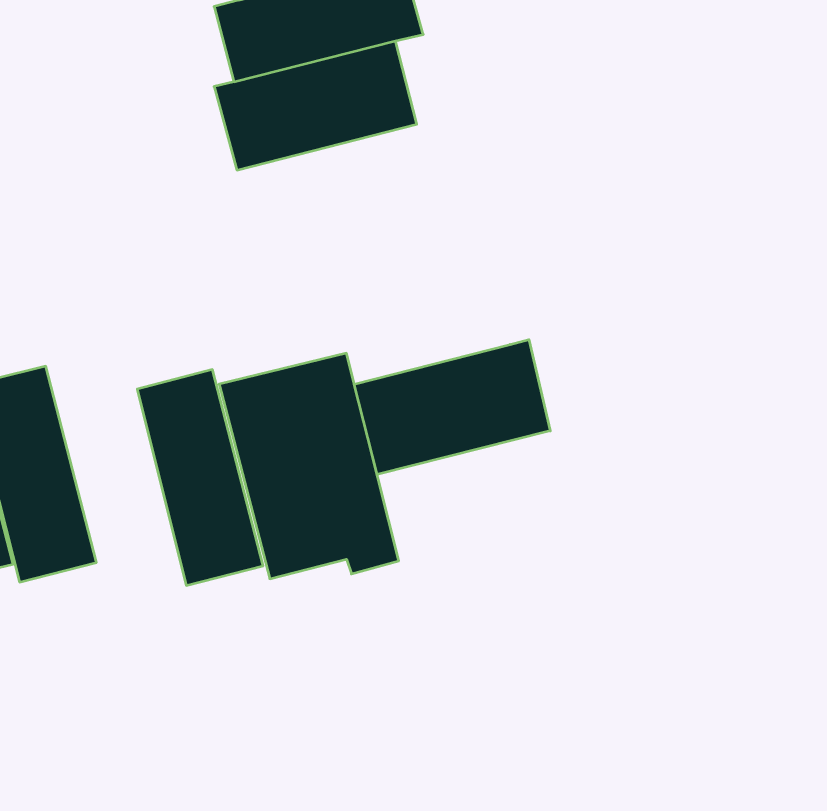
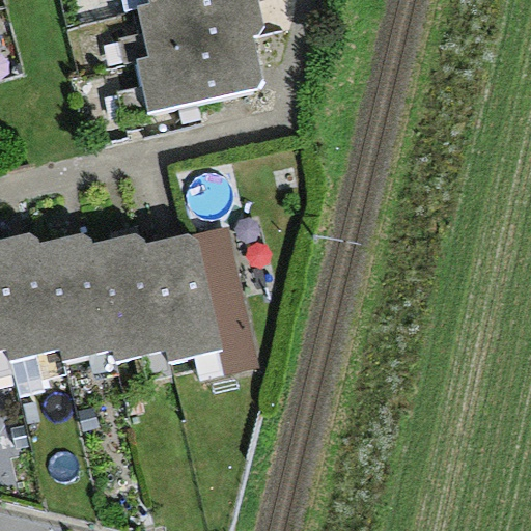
building: [354,340,550,475] -> none
building: none -> [34,233,114,370]

